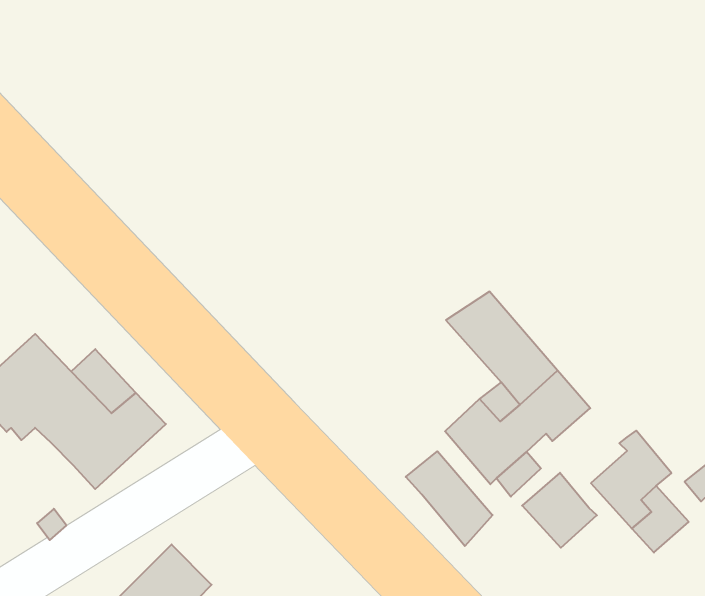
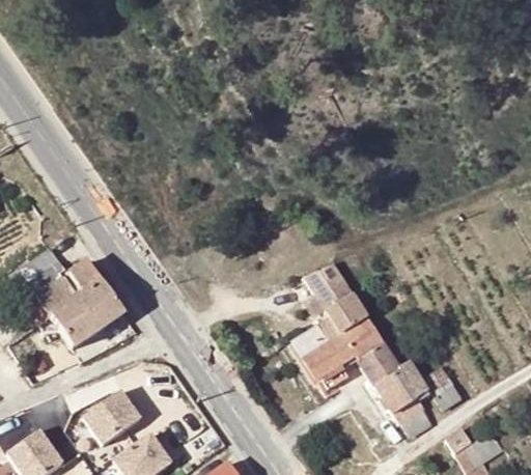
building: [406,451,493,546] -> none
building: [522,473,597,548] -> [359,344,403,390]

